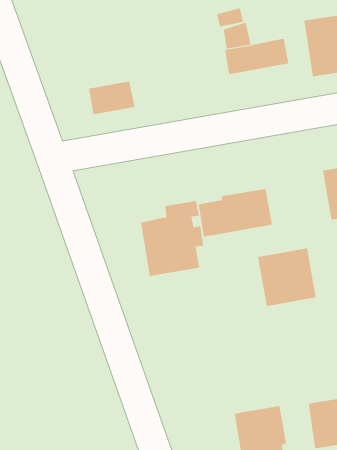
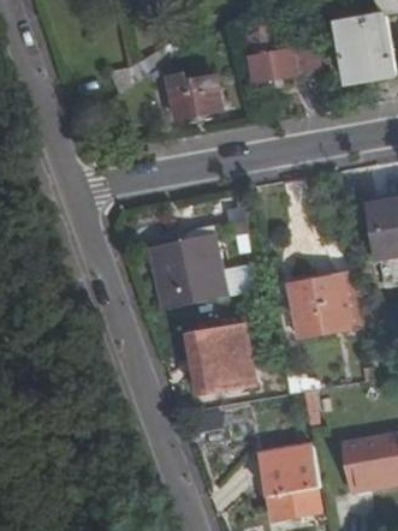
building: [88,81,135,115] -> [172,82,224,119]
building: [198,188,273,237] -> none
building: none -> [188,322,256,393]

